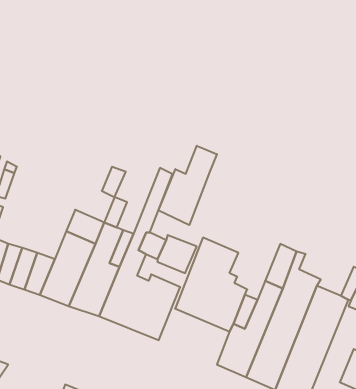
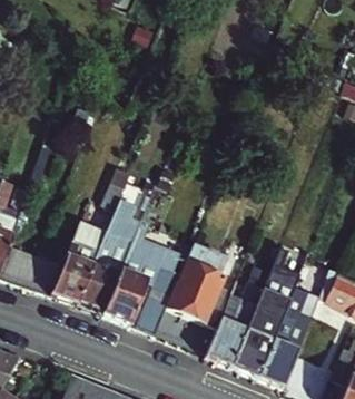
building: [158,146,217,225] -> none

